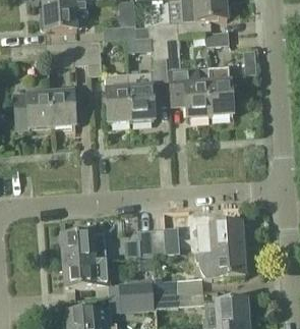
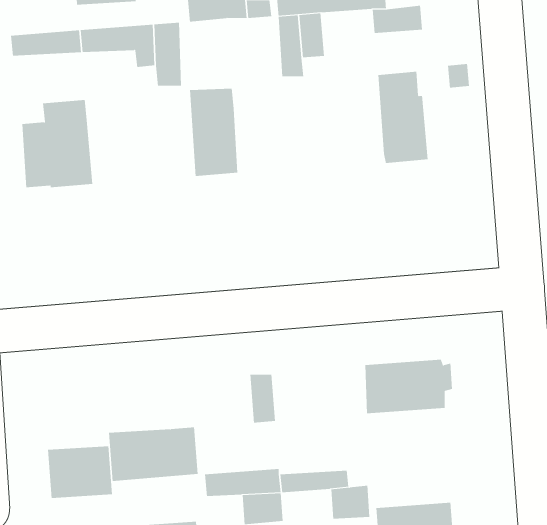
building: [167,67,211,117] -> none
building: [129,85,155,120] -> none
building: [50,90,75,126] -> none
building: [149,228,175,255] -> none
building: [59,232,95,261] -> [47,446,113,498]
building: [195,248,249,276] -> none

